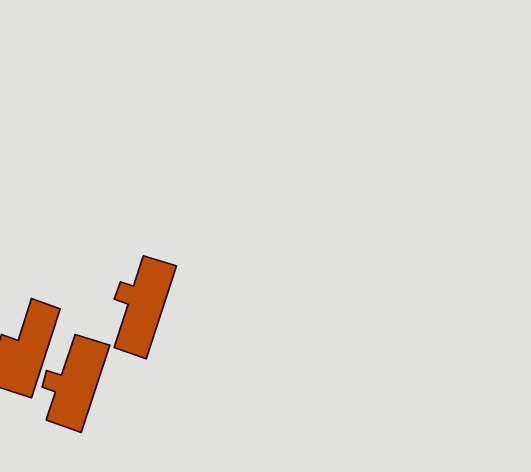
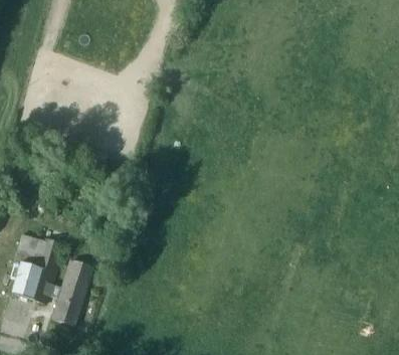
building: [114,256,177,359] -> none

